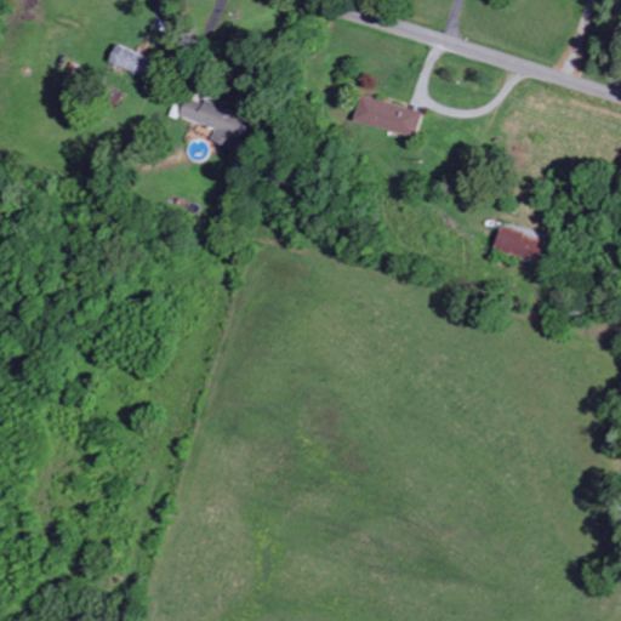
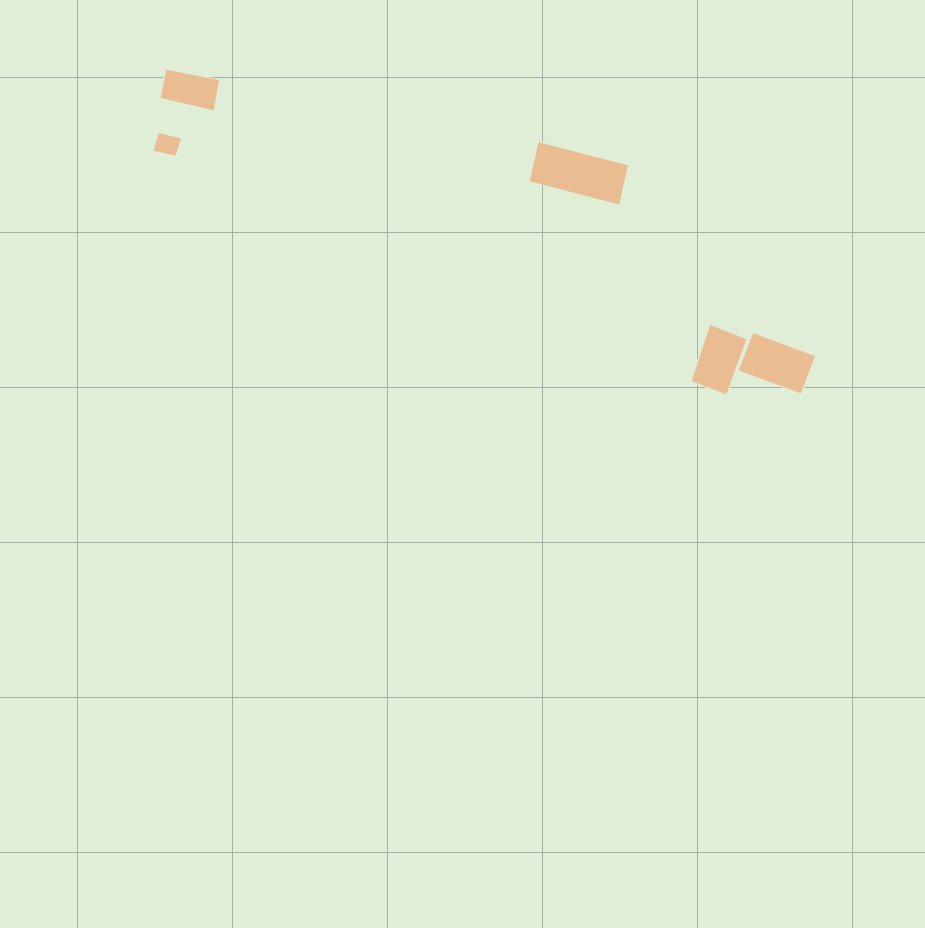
building: [178,95,250,150] -> none
building: none -> [691,324,747,395]

